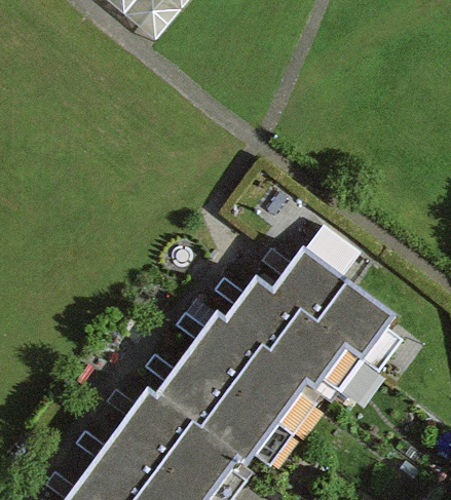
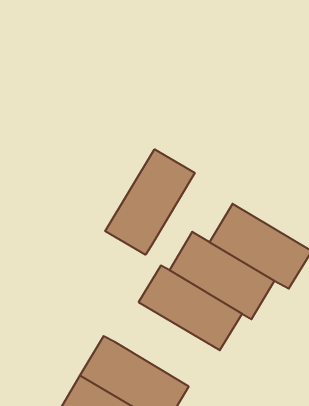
building: none -> [105,149,195,255]
building: [156,361,274,467] -> none

